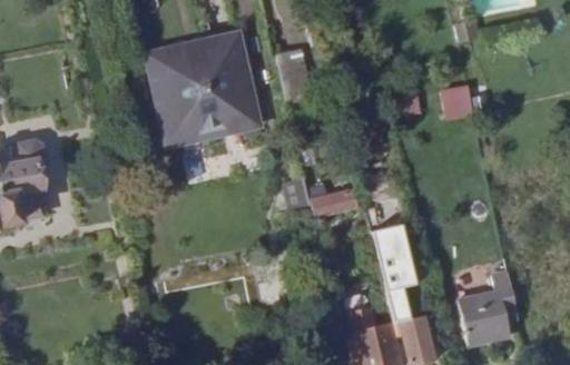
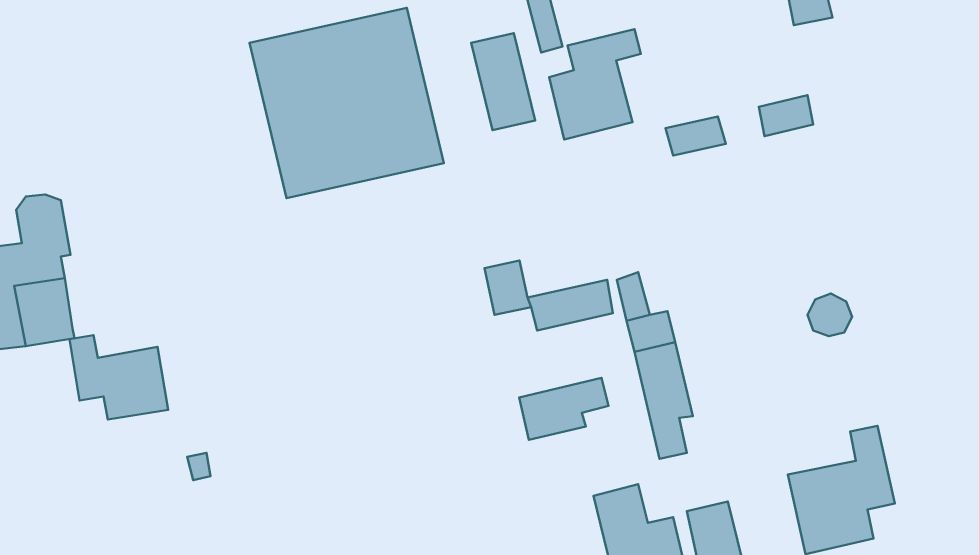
building: none -> [549,29,641,139]
building: none -> [69,335,168,419]
building: none -> [519,378,609,440]

